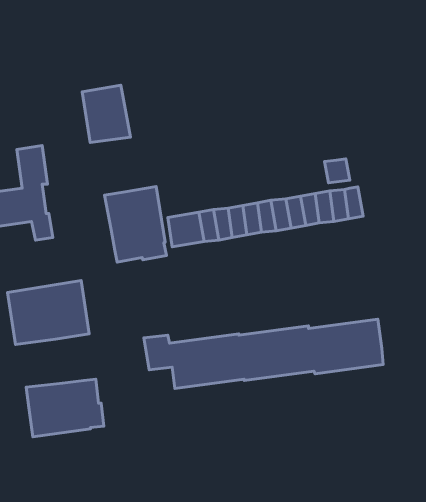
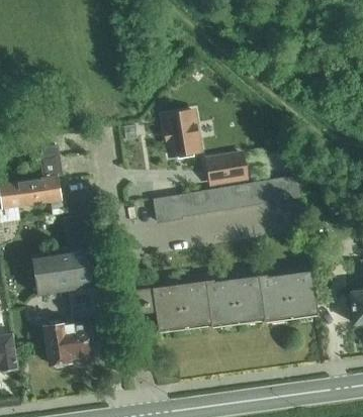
building: [82,85,130,142] -> [164,110,200,153]
building: none -> [207,152,246,182]
building: [104,187,167,262] -> none

